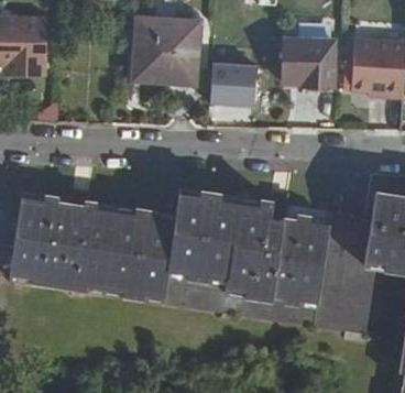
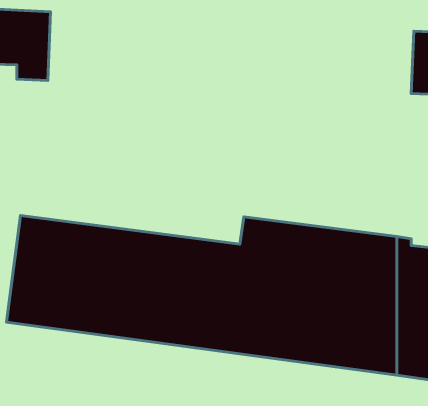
building: [134,20,196,83] -> none
building: [286,35,337,84] -> none
building: [207,55,253,99] -> none

